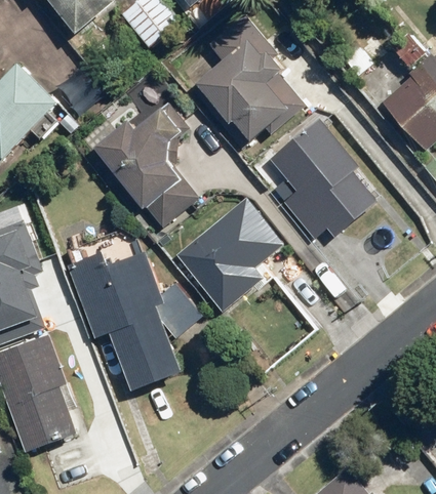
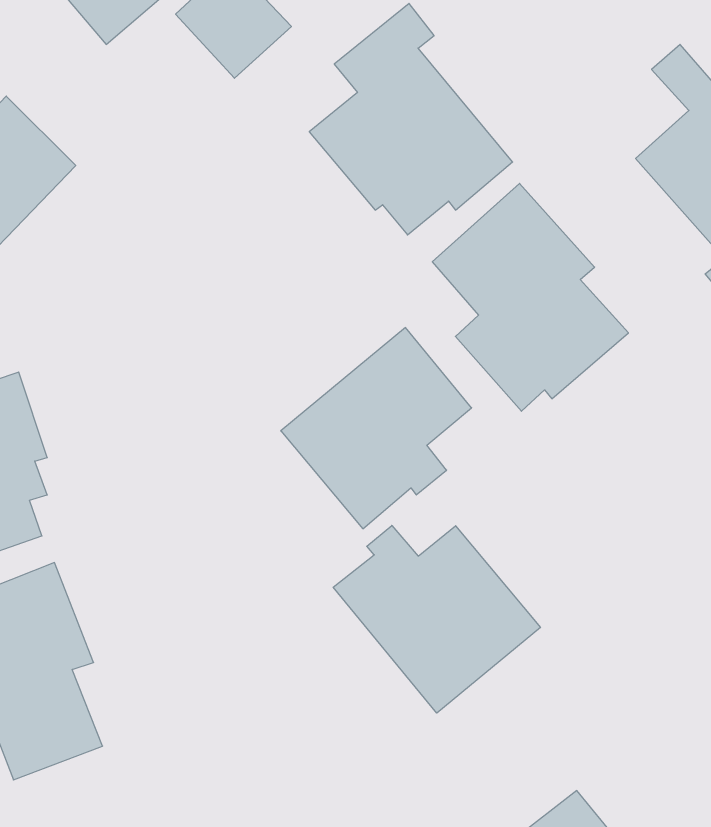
building: [90,104,198,231] -> none
building: [64,231,199,394] -> none
building: none -> [333,525,540,713]

